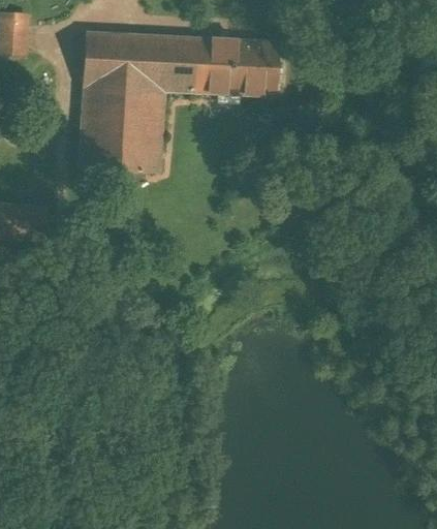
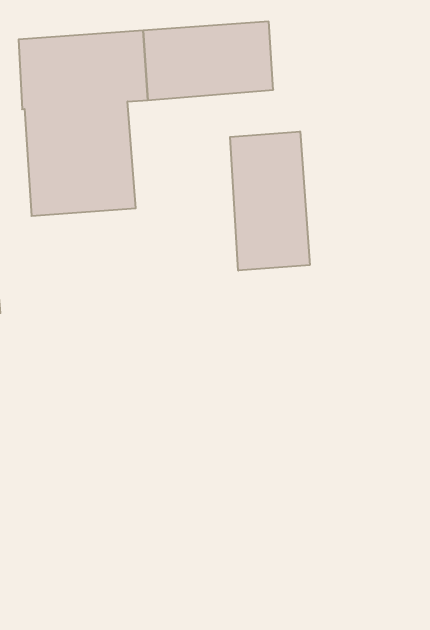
building: none -> [230,131,310,271]

